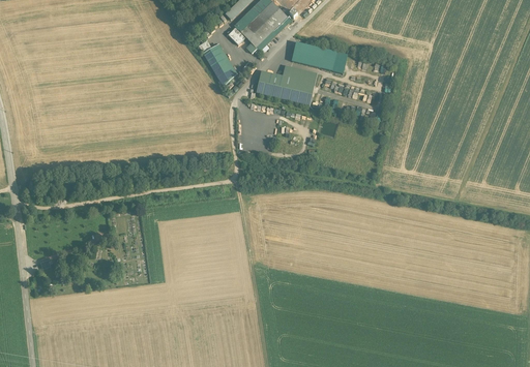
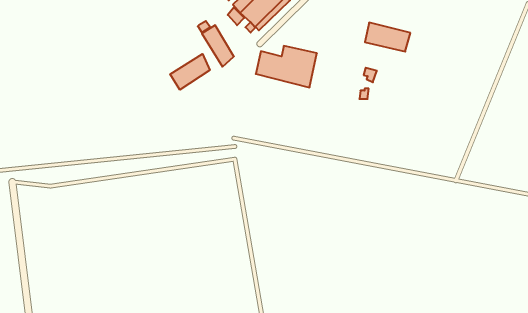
building: [292,40,337,69] -> [365,23,410,52]
building: none -> [170,54,210,90]

